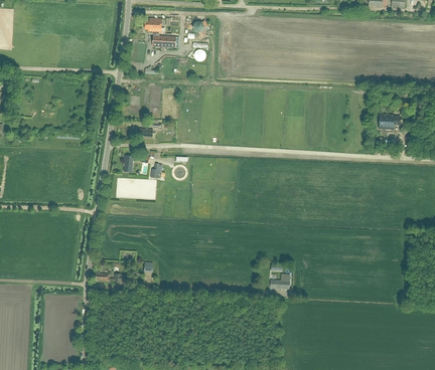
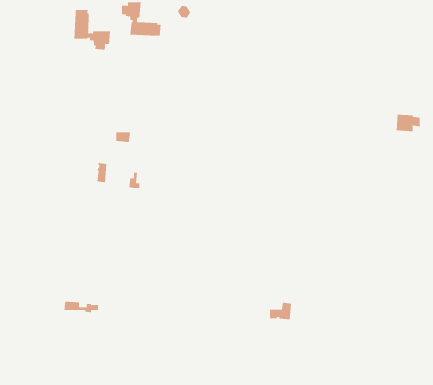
building: none -> [74,9,111,50]

